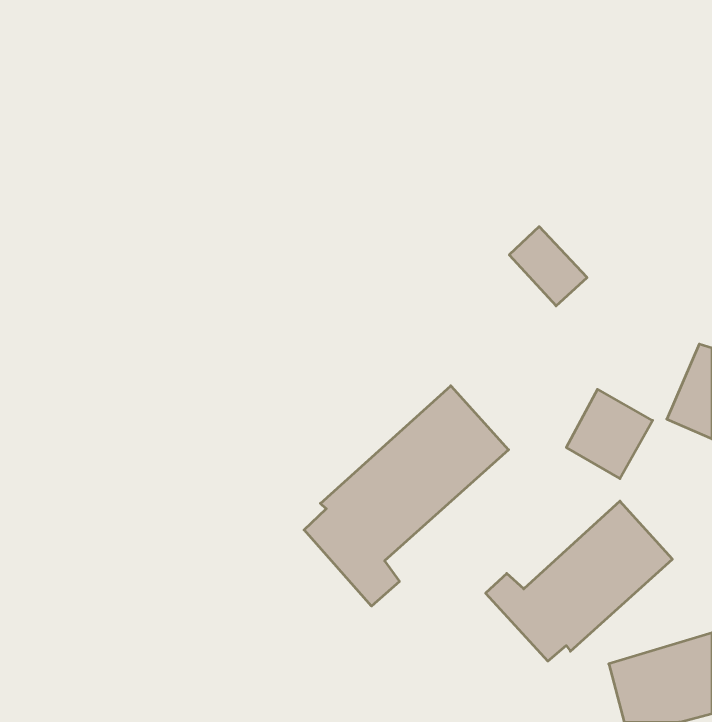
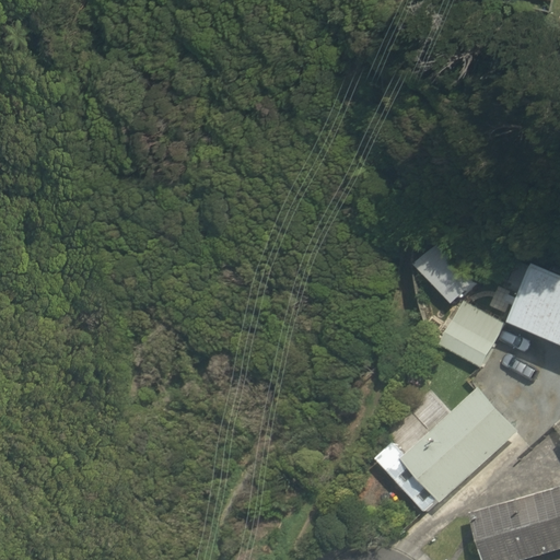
building: [509,227,587,306] -> [413,243,474,304]
building: [304,386,509,606] -> none

